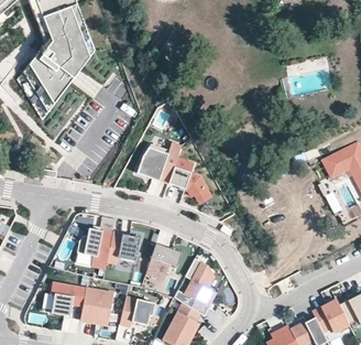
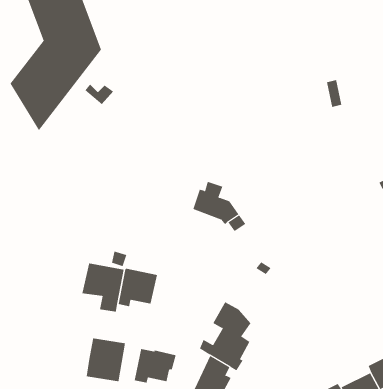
building: [136,142,182,182] -> none
building: [145,242,182,279] -> none
building: [51,282,86,315] -> none

